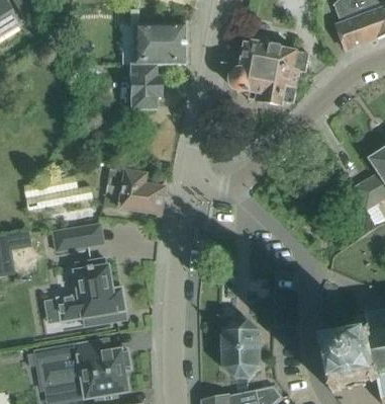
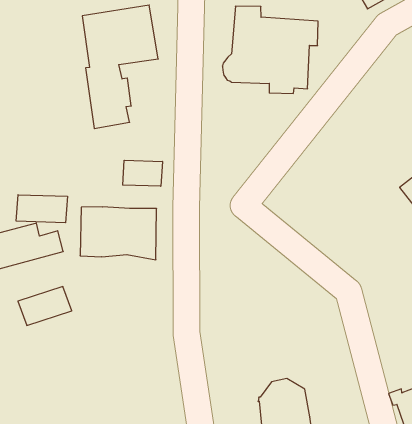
building: none -> [123,160,162,186]
building: none -> [16,195,67,223]
building: [57,257,125,326] -> none

